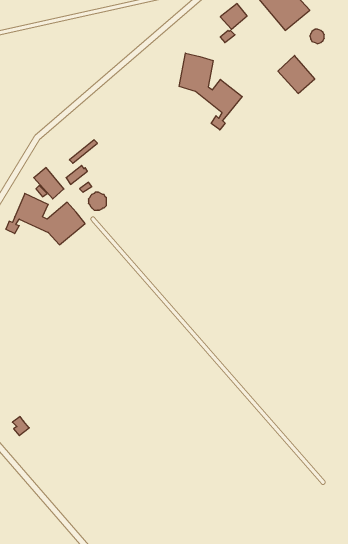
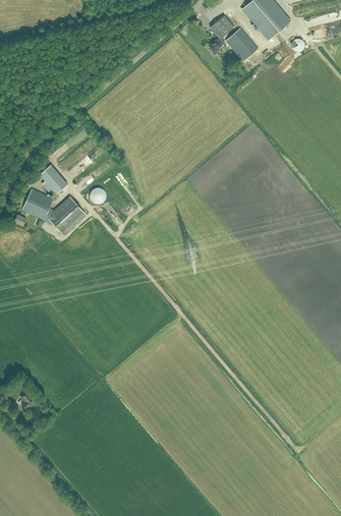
building: [179,53,242,130] -> none
building: [278,55,315,93] -> [225,27,259,62]

